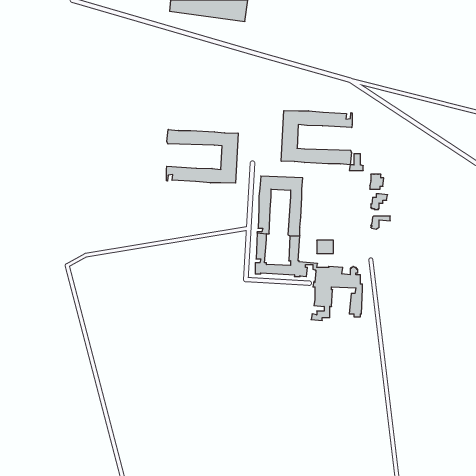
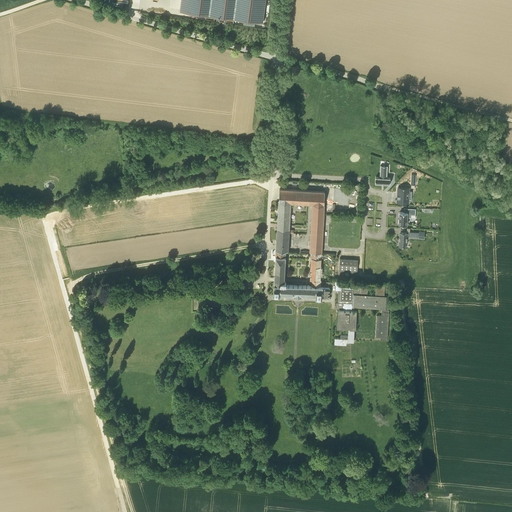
building: [281,111,352,165] -> none
building: [166,129,238,183] -> none

